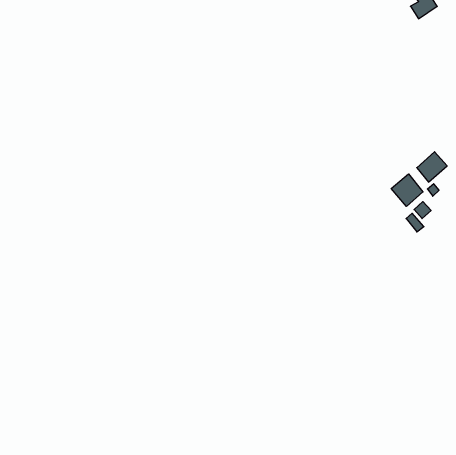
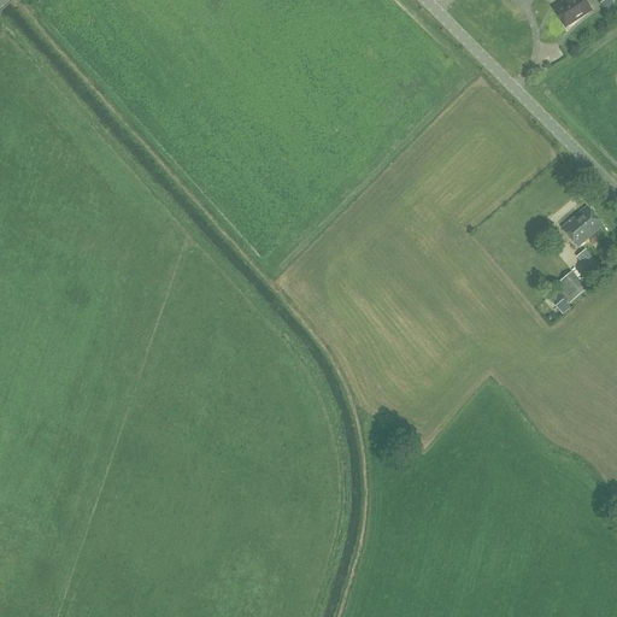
building: [391,174,423,206] -> none

